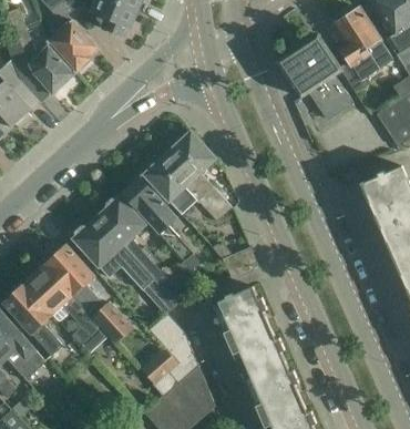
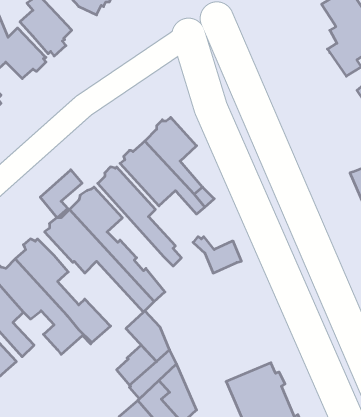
building: [277,34,351,120] -> none
building: none -> [40,170,82,218]
building: [211,286,286,379] -> none

